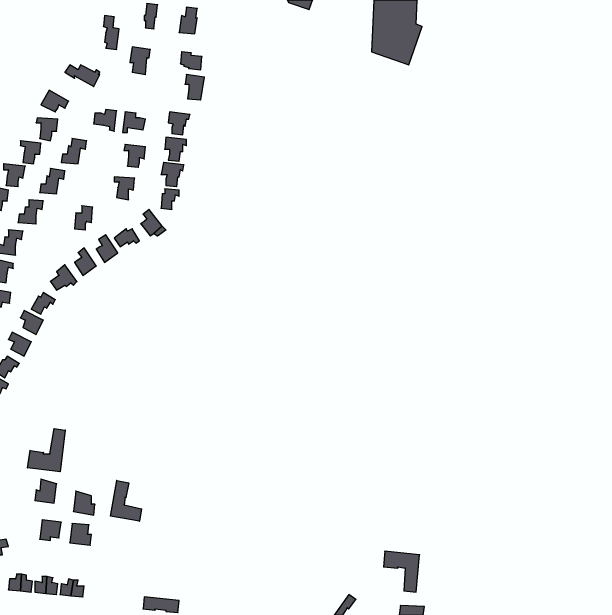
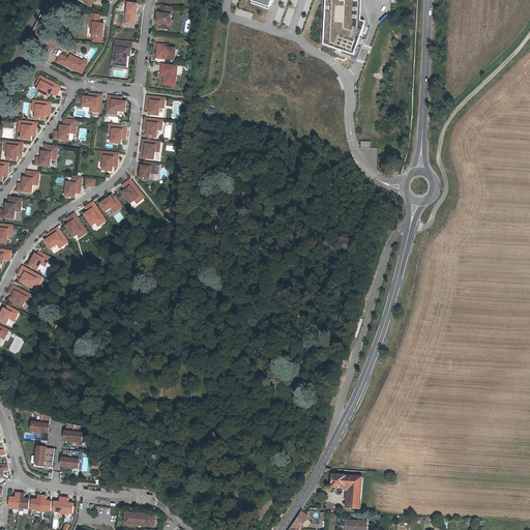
building: [28,429,65,472] -> none
building: [111,480,142,521] -> none

